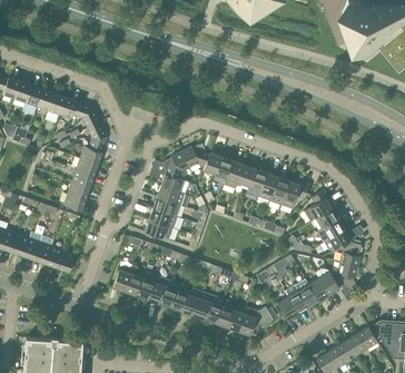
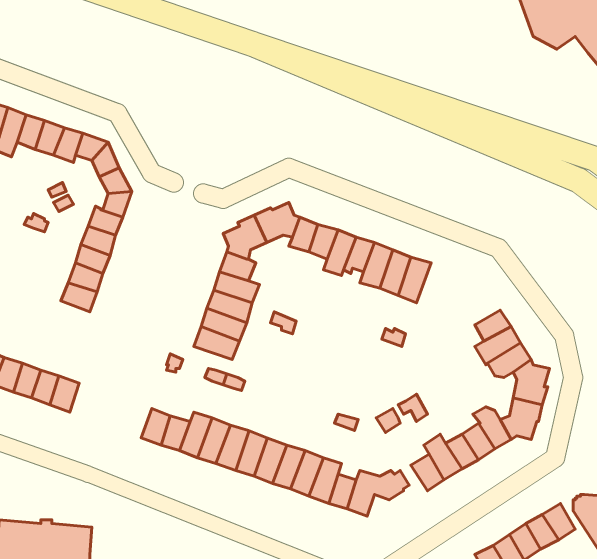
building: [280,181,309,209] -> none
building: [304,190,332,223] -> none

